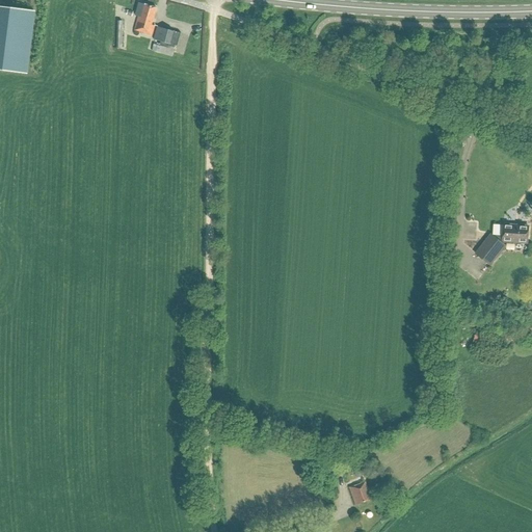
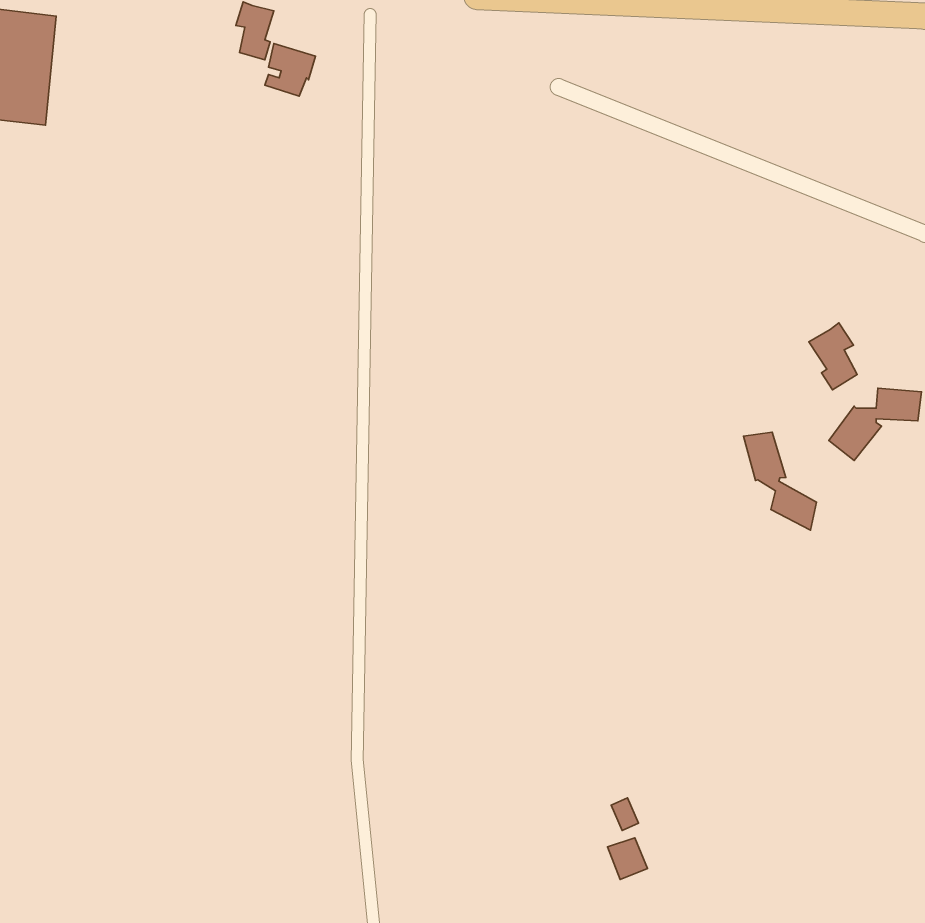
building: none -> [809,323,857,390]
building: none -> [744,432,816,530]

